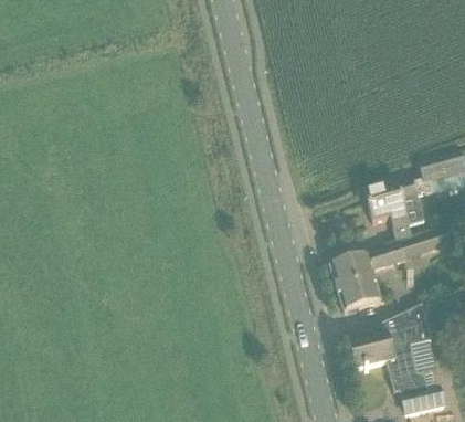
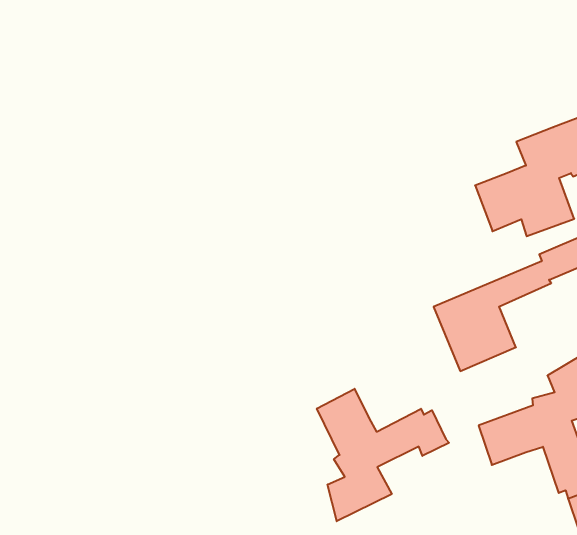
building: none -> [317,389,449,521]

